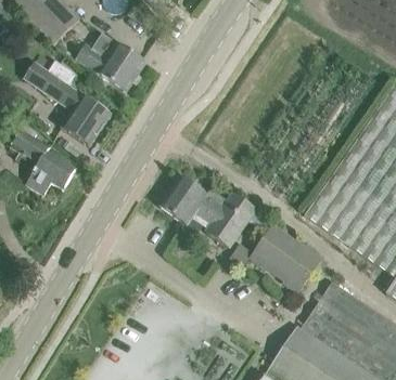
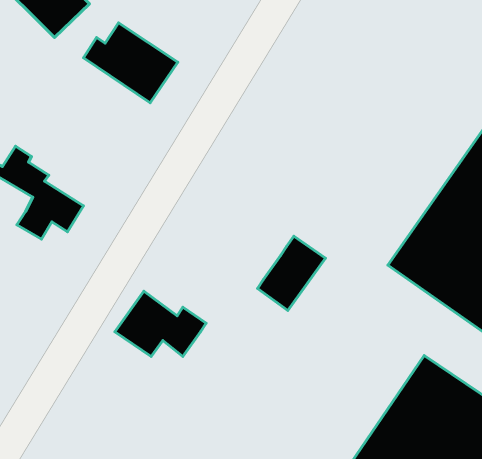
building: [38,62,112,147] -> none
building: [159,176,228,225] -> [115,291,206,356]
building: [251,225,321,291] -> none

